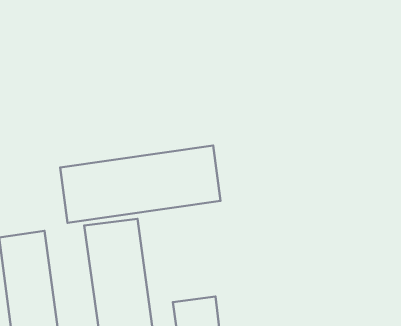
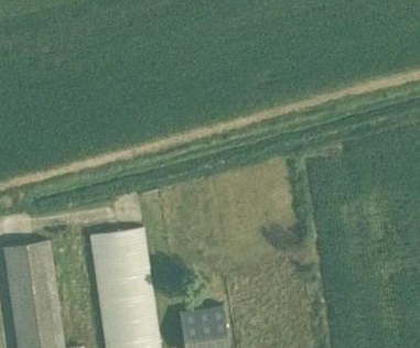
building: [60,145,221,223] -> none

